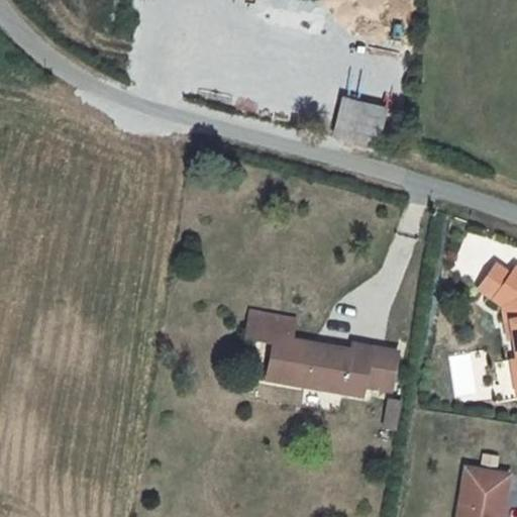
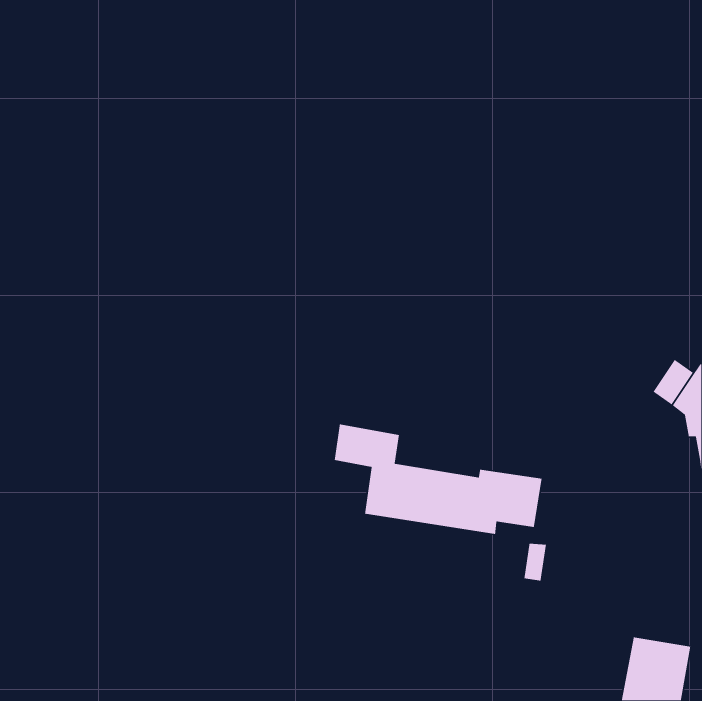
building: [333,96,389,146] -> none

